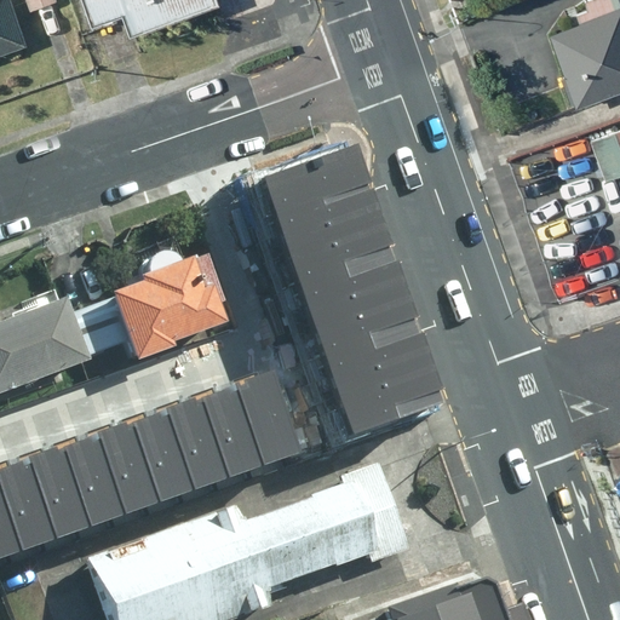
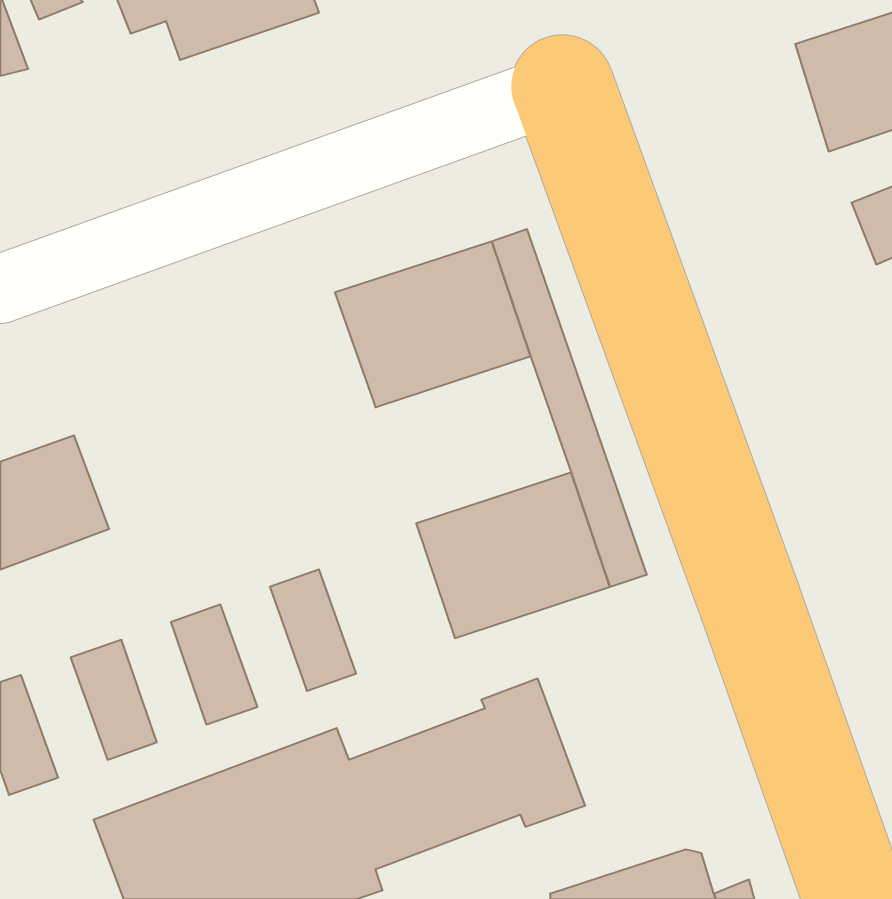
building: [264,245,398,360] -> none
building: [98,263,218,366] -> none
building: [225,380,285,463] -> none
building: [157,403,217,486] -> none
building: [90,427,148,510] -> none
building: [21,452,80,534] -> none

